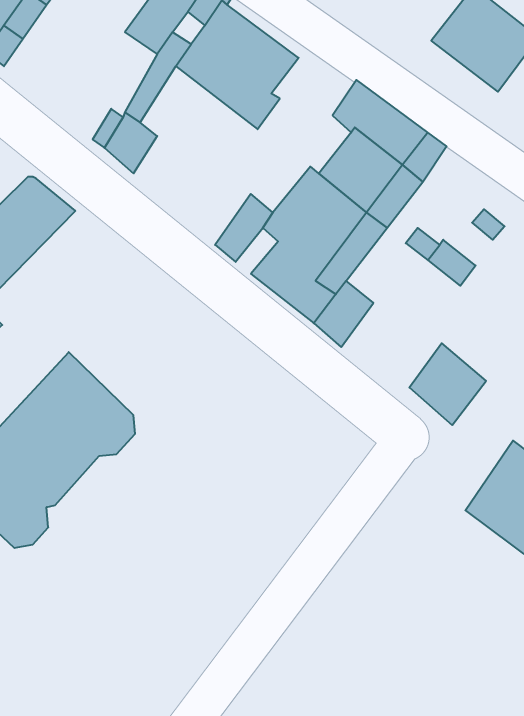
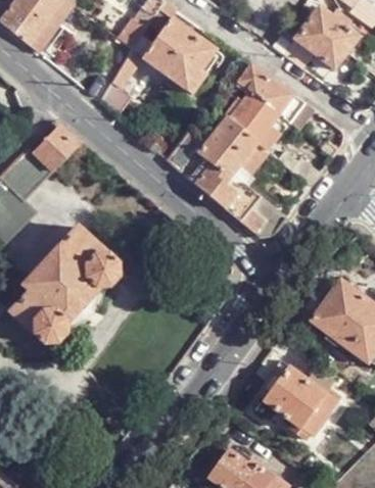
building: [409,343,486,425] -> [241,196,287,245]
building: none -> [266,365,343,436]

